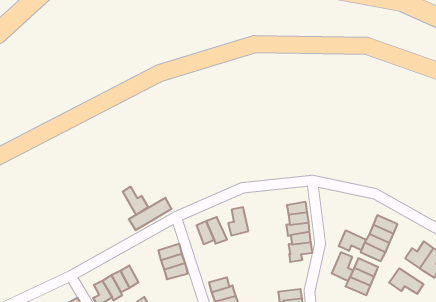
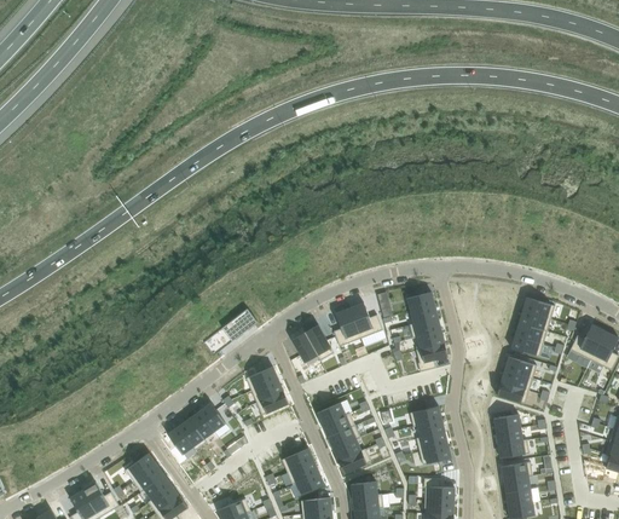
building: [123,187,148,215] -> none
building: none -> [351,301,383,338]
building: [339,230,366,251] -> none
building: [332,252,353,281] -> none
building: [389,268,423,294] -> none

